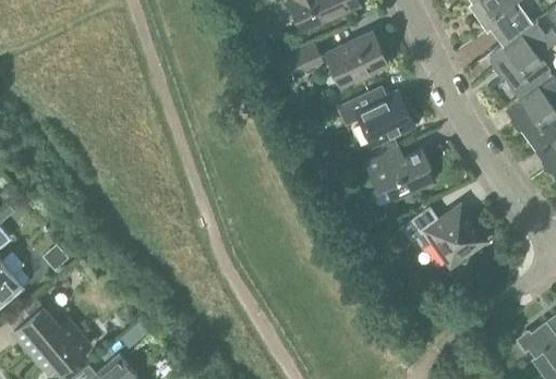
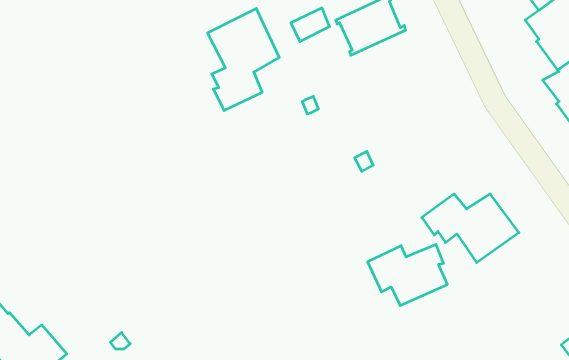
building: none -> [208,8,279,111]
building: [338,91,412,143] -> none
building: [362,148,432,201] -> [368,244,447,306]

